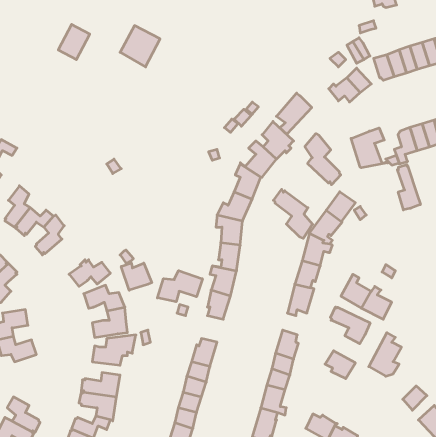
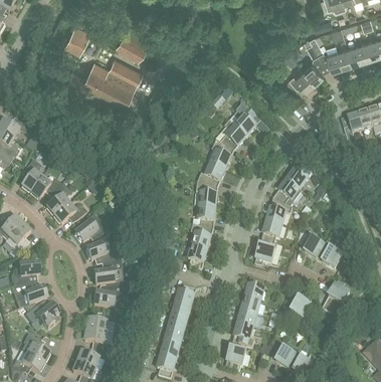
building: none -> [66,56,142,107]
building: [276,93,312,134] -> none
building: [351,128,388,168] -> none
building: [305,134,341,185] -> none
building: [397,165,420,210] -> none
building: [273,189,313,238] -> none
building: none -> [52,201,86,222]
building: [121,263,152,290] -> none
building: [157,271,202,302] -> none
building: [330,307,370,344] -> none
building: none -> [24,302,58,326]

